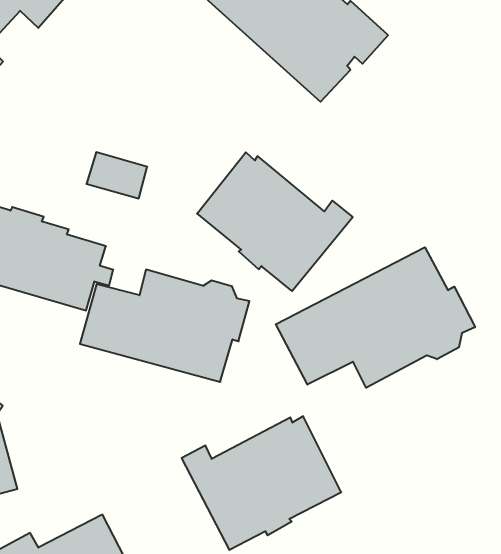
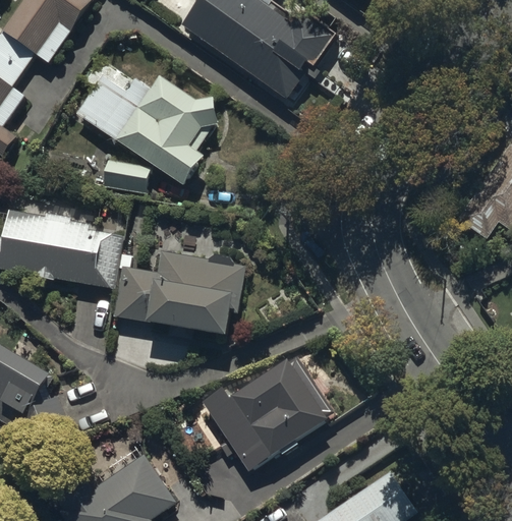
building: none -> [73,59,220,184]
building: [197,152,353,291] -> none
building: [276,247,475,388] -> none

